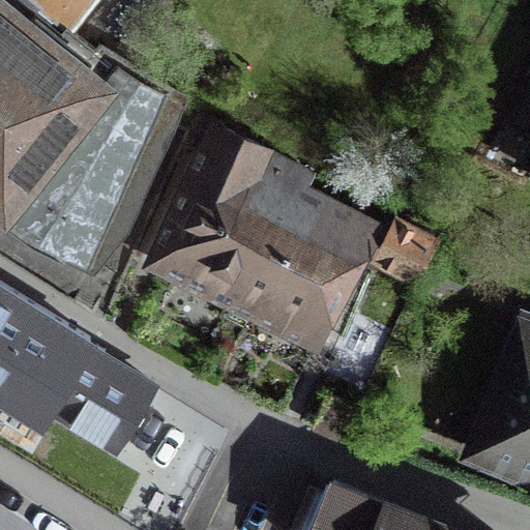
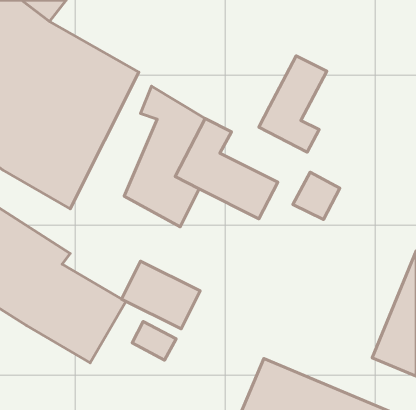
building: none -> [259,56,327,152]
building: [226,253,324,337] -> [122,261,200,329]

